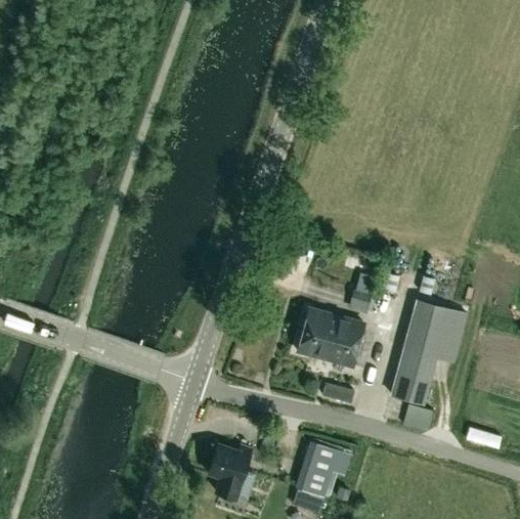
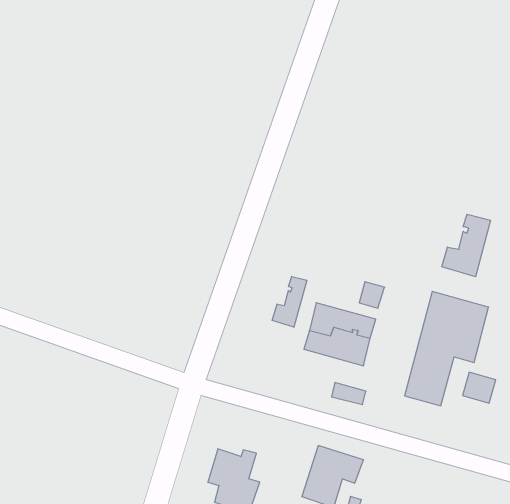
building: none -> [442,214,490,277]
building: none -> [272,276,307,327]
building: [403,405,434,434] -> [463,372,496,403]

